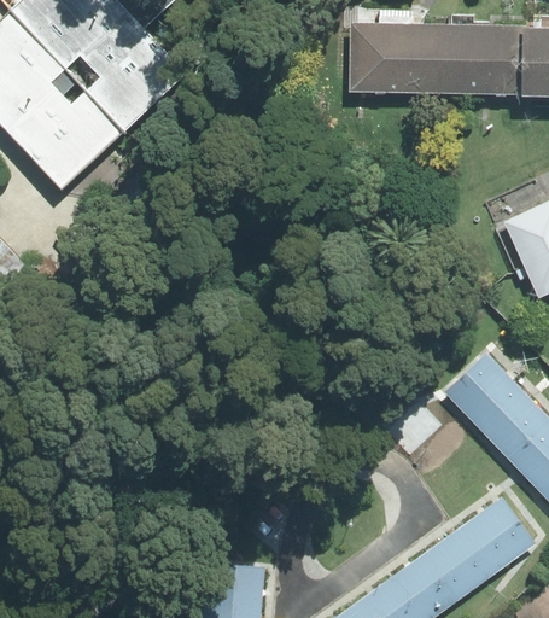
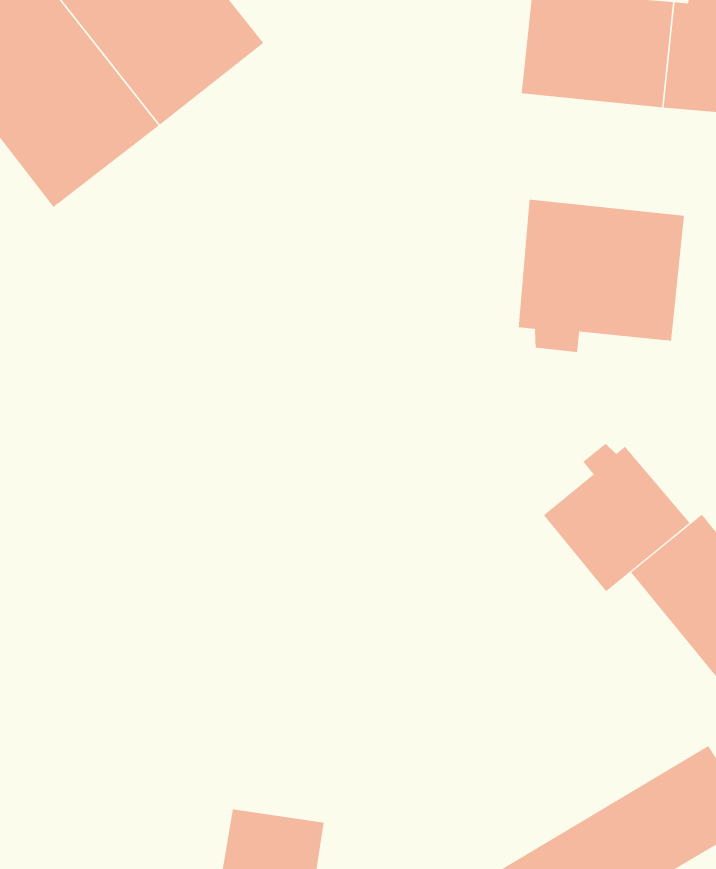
building: none -> [518,199,685,353]
building: none -> [543,443,690,592]

